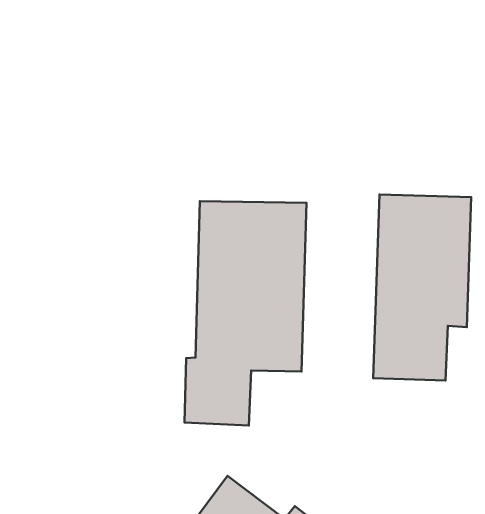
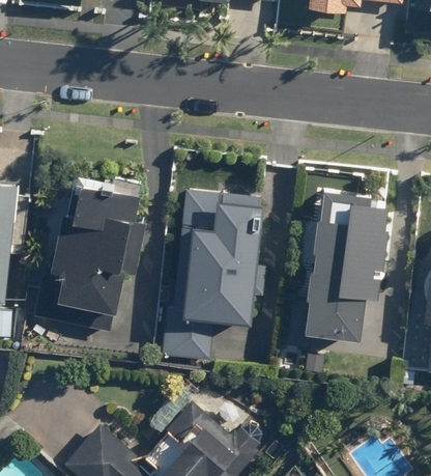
building: none -> [33,187,137,331]

